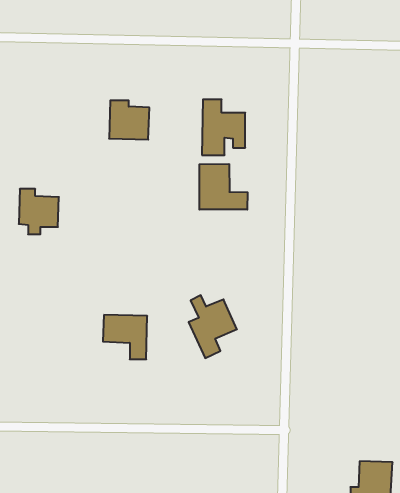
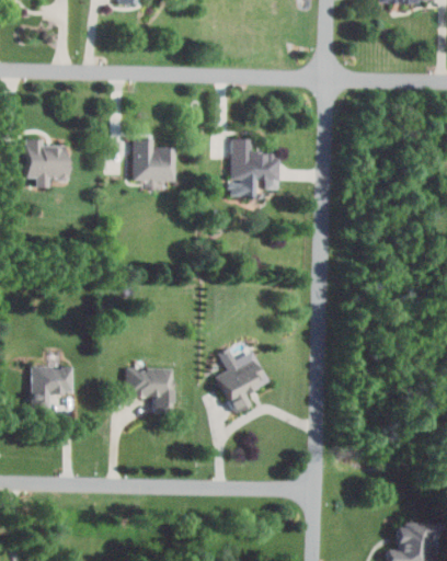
building: [199,164,248,210] -> none
building: [19,189,59,234] -> [25,139,68,187]
building: none -> [31,366,73,410]

